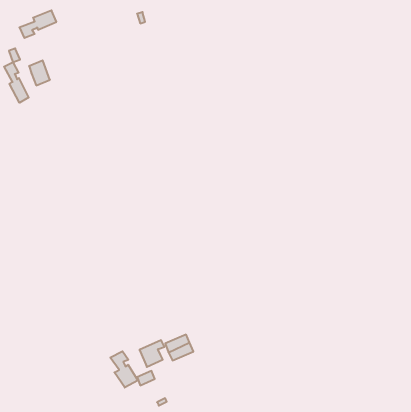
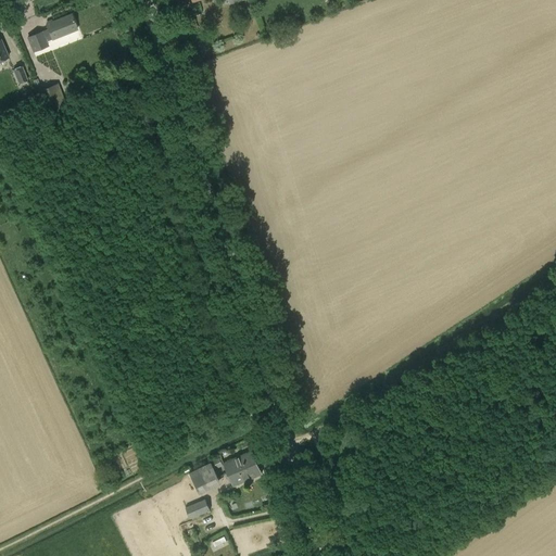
building: [4,62,29,103] -> none
building: [110,351,138,388] -> none

